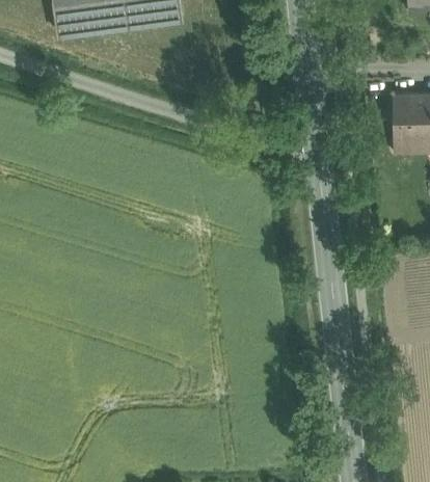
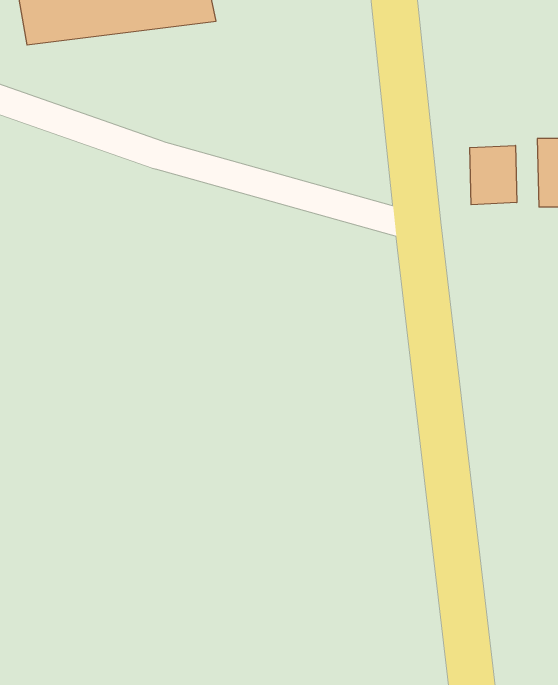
building: none -> [470,145,517,205]

